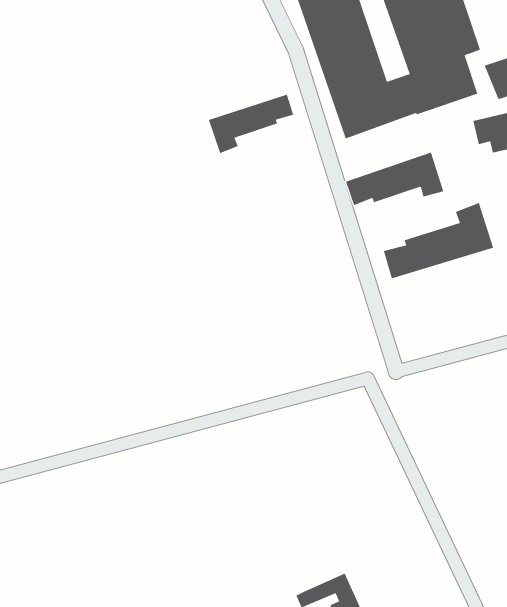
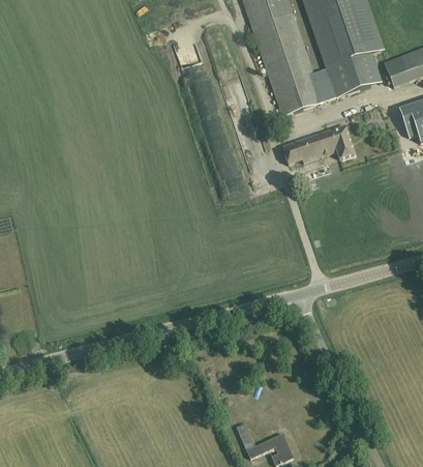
building: [208,94,294,154] -> none
building: [383,202,494,279] -> none

